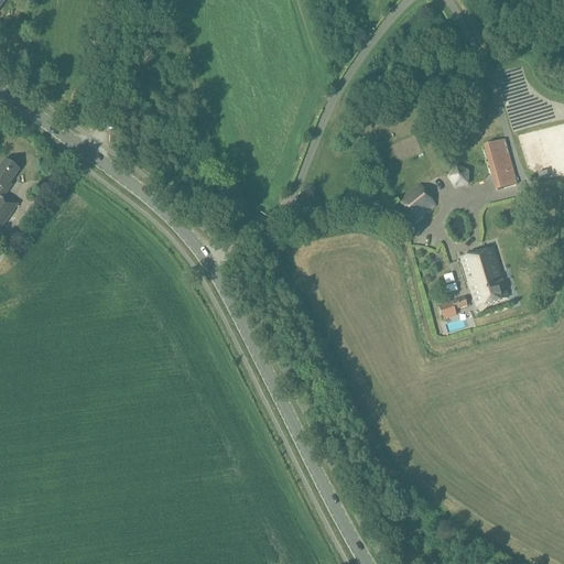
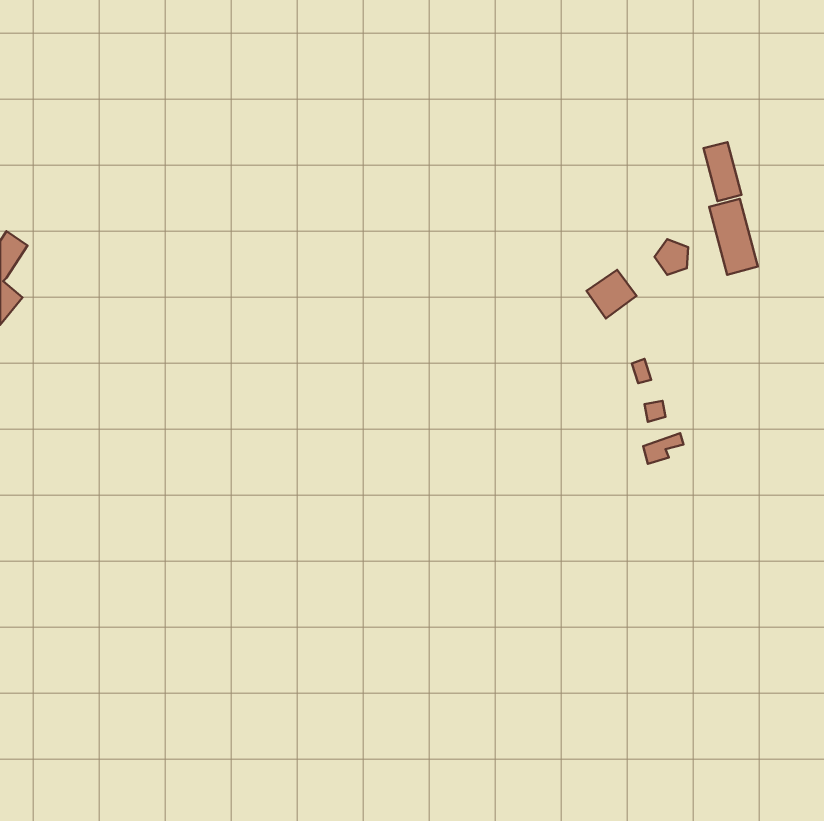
building: none -> [704,142,741,201]
building: [463,247,508,305] -> none

